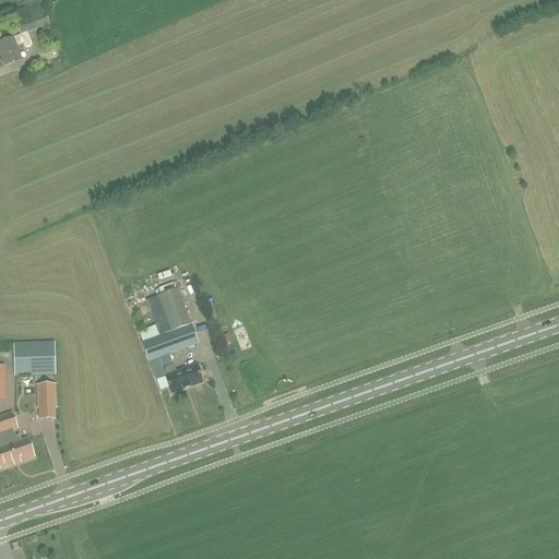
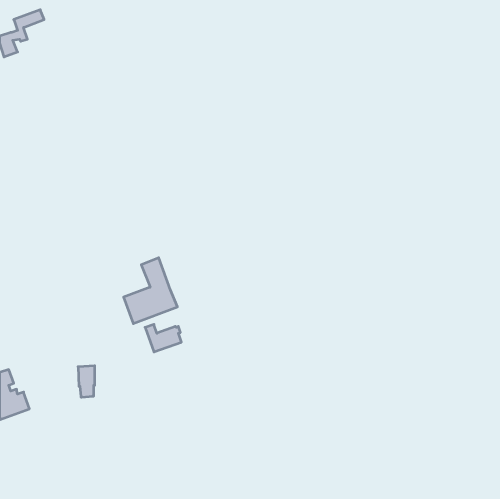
building: [13,341,53,373] -> none
building: [36,383,55,418] -> [78,366,95,397]

